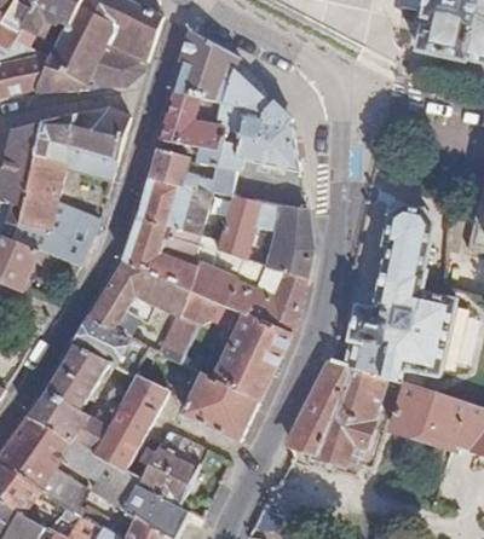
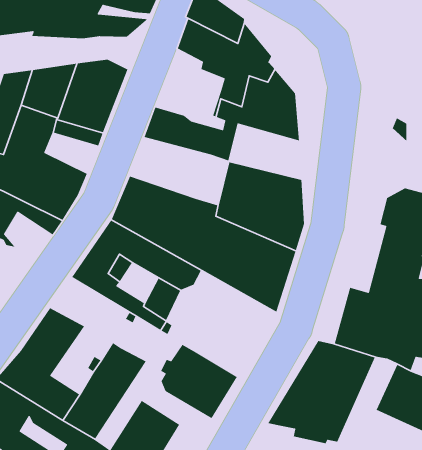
building: [160,92,219,153] -> none
building: [138,179,214,233] -> none
building: [208,302,289,401] -> none
building: [71,318,143,375] -> none

